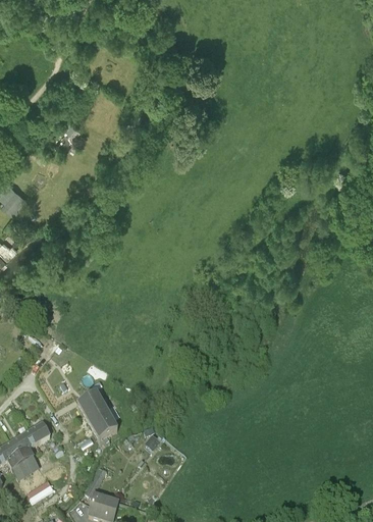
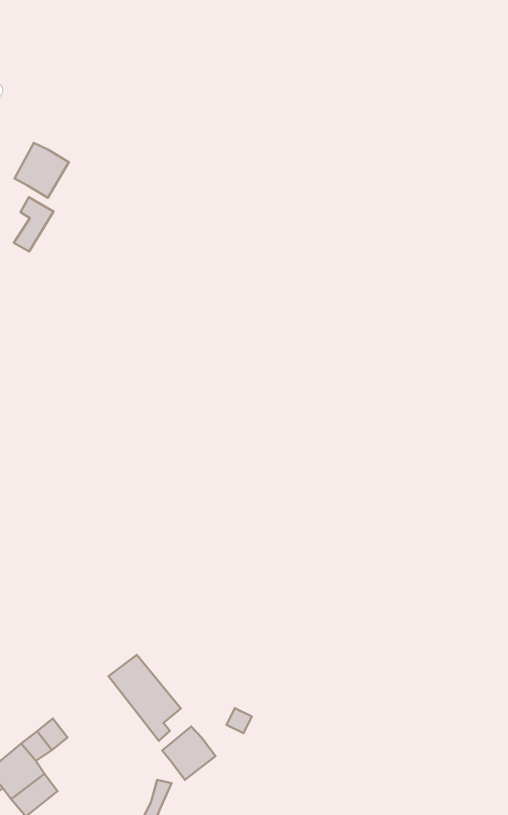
building: none -> [15,143,69,198]
building: none -> [162,726,215,780]

